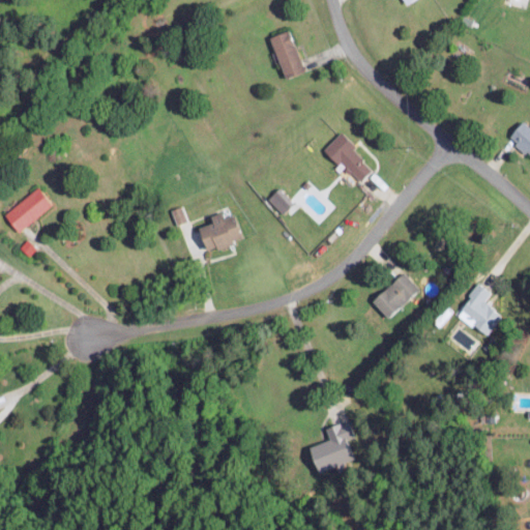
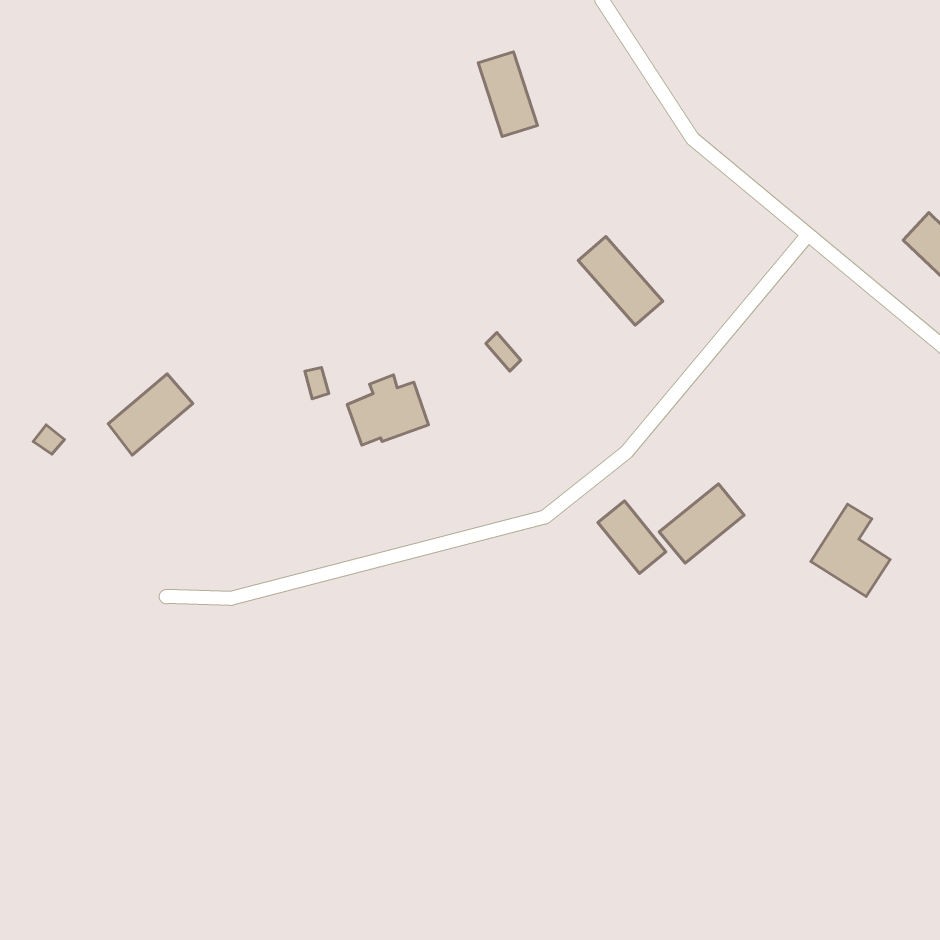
building: [6,188,54,234] -> [108,374,193,455]
building: none -> [598,501,666,574]
building: [310,424,354,473] -> none

